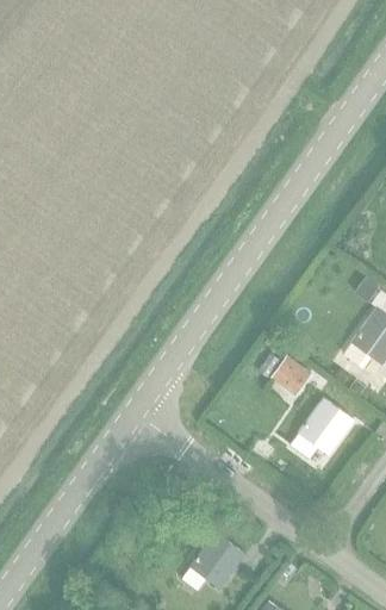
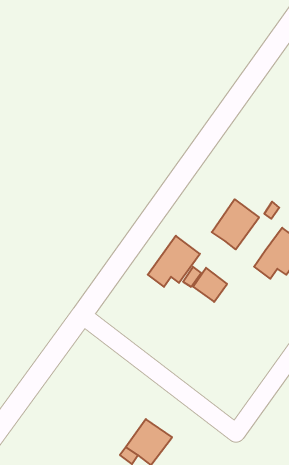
building: none -> [212,199,259,249]
building: [290,398,351,459] -> [148,236,200,287]

